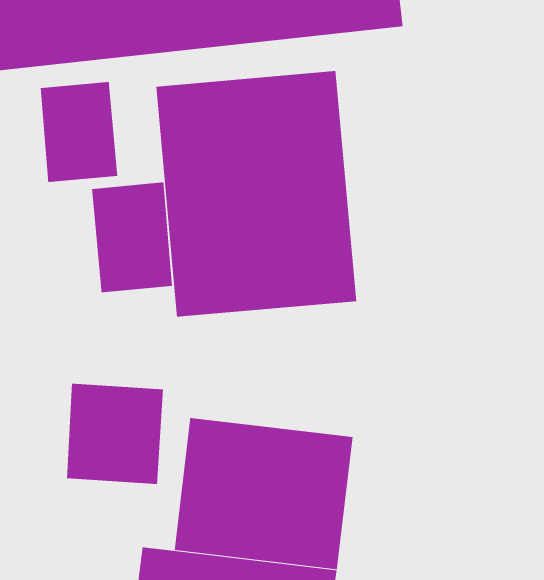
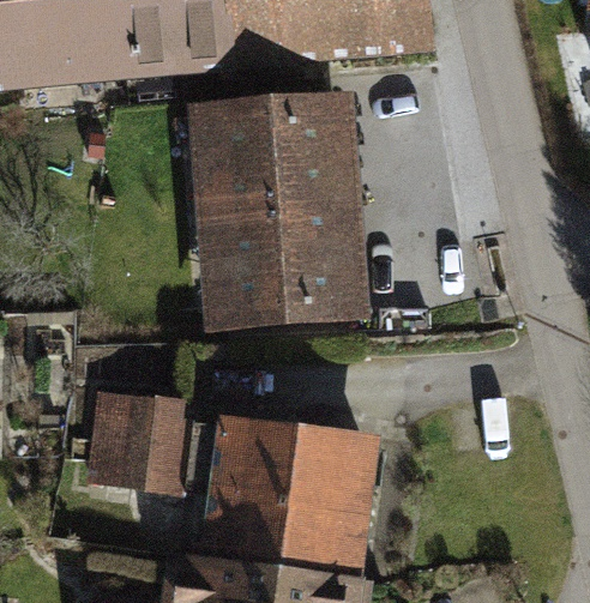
building: [40,81,118,183] -> none
building: [92,182,172,293] -> none

